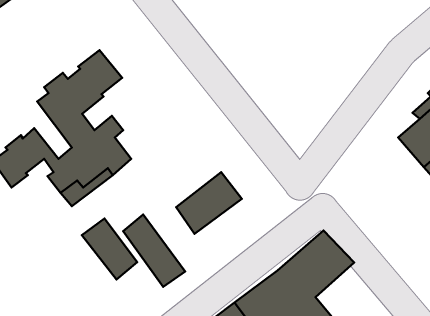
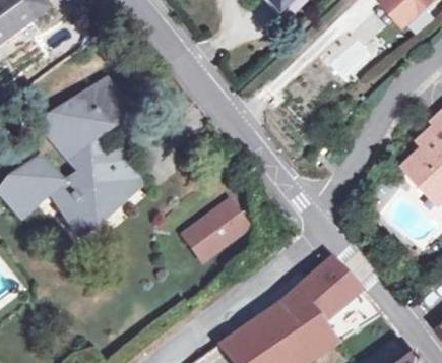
building: [123,215,185,287] -> none
building: [82,219,137,280] -> none

